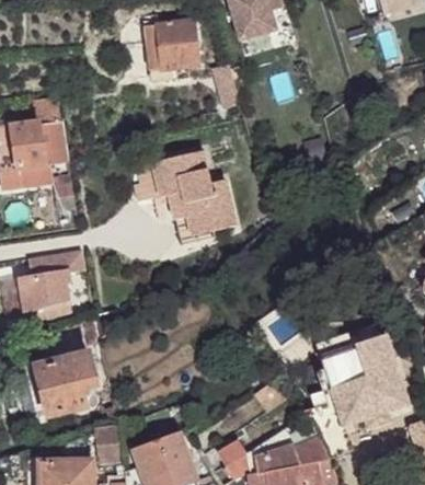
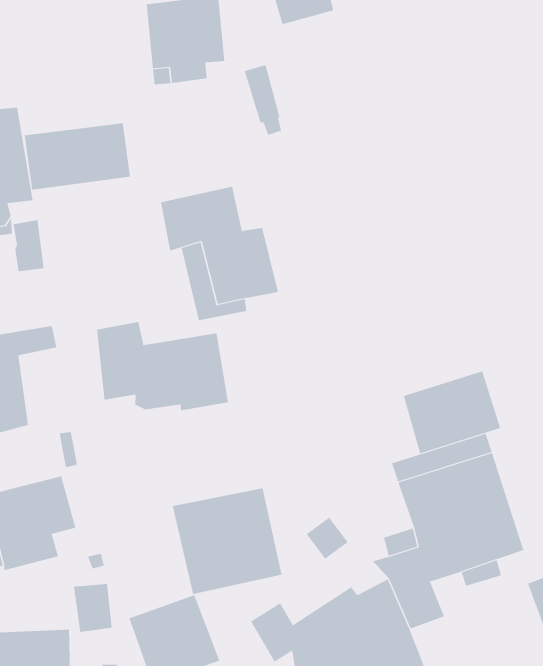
building: none -> [24,123,131,190]
building: none -> [96,321,228,411]
building: none -> [403,370,501,454]
building: none -> [172,487,282,595]

